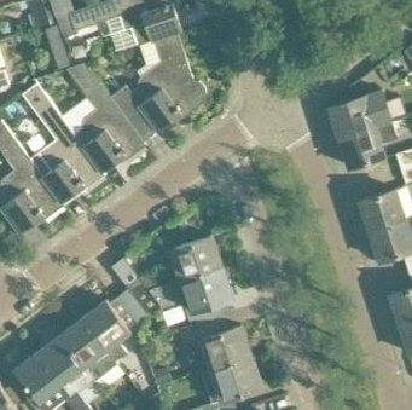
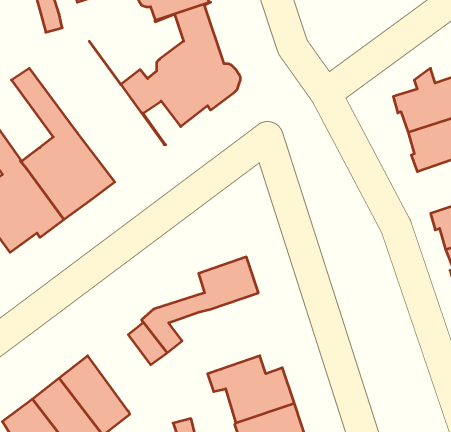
building: [66,62,145,175] -> none
building: [149,265,232,327] -> none
building: [83,299,132,360] -> none

